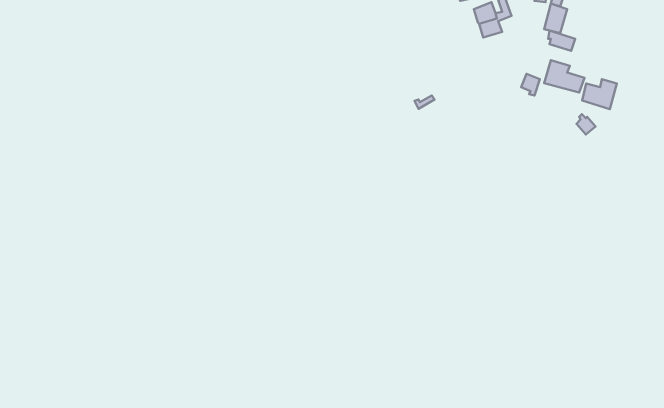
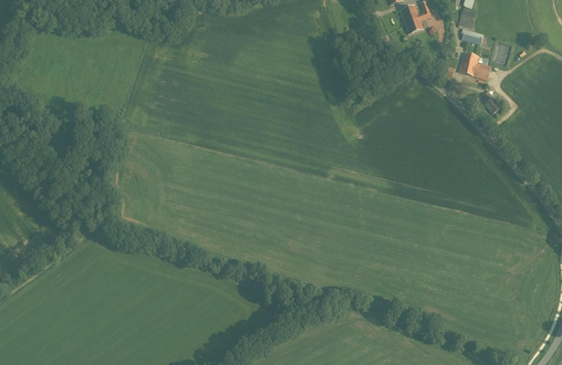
building: [582,79,617,109] -> none

